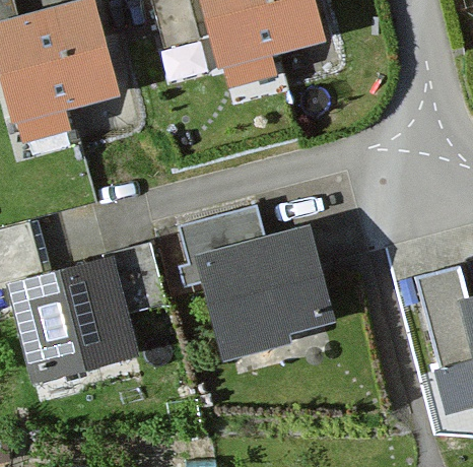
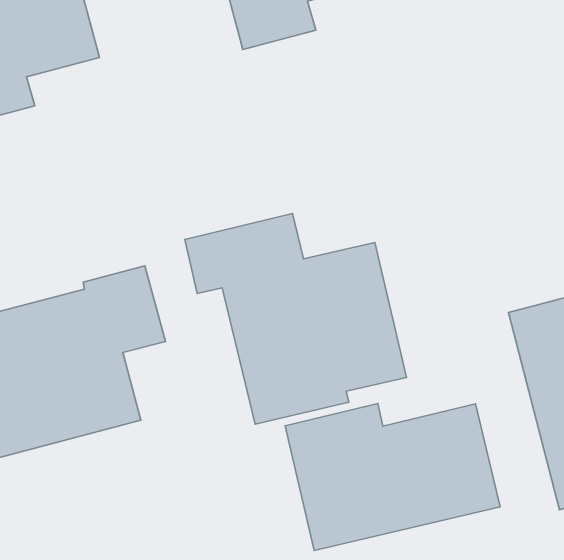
building: none -> [285,404,500,551]

